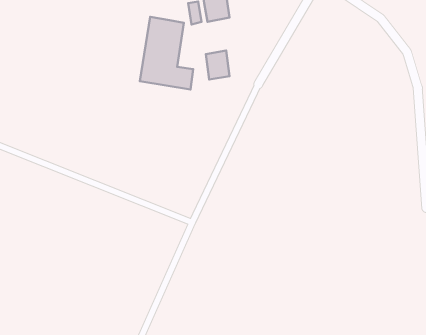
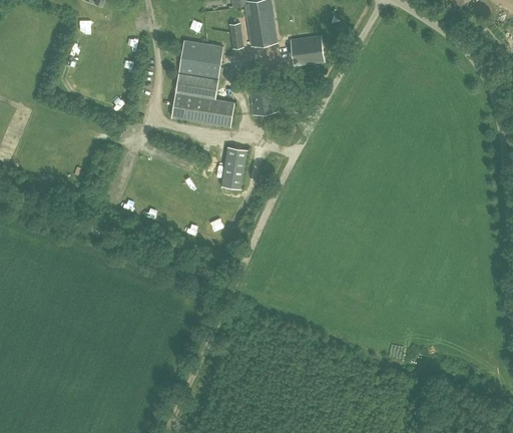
building: none -> [290,36,323,65]
building: none -> [220,145,246,189]

